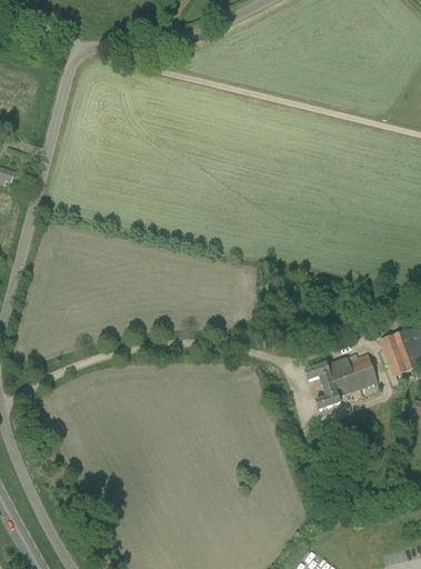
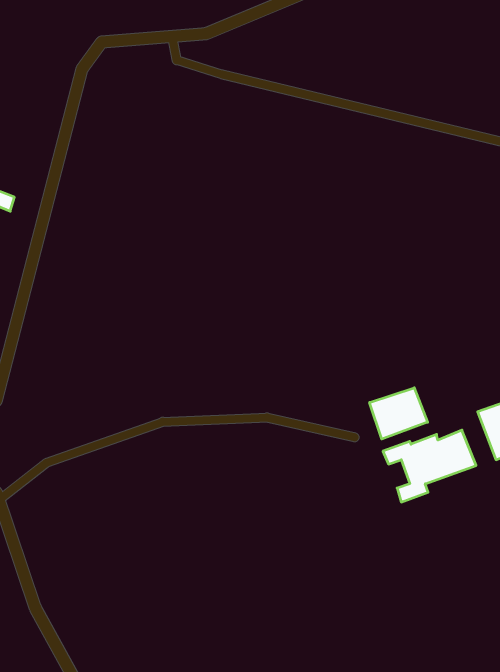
building: none -> [370,388,428,439]

